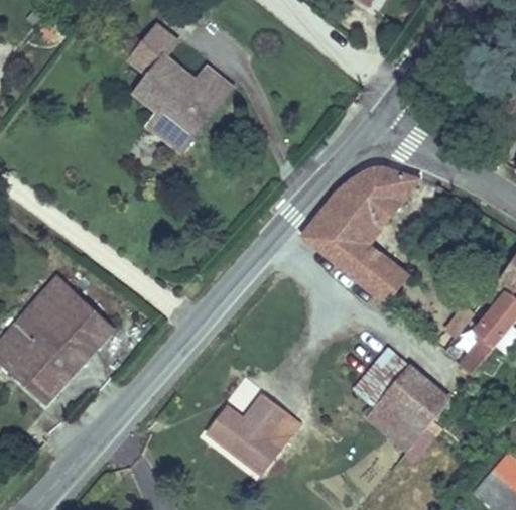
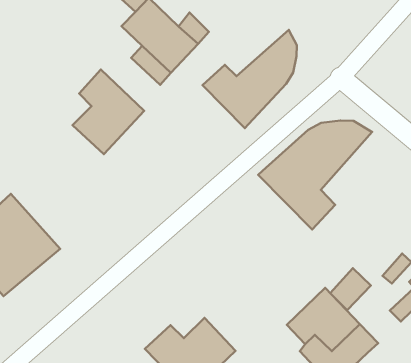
building: none -> [202,30,297,128]
building: none -> [73,69,144,154]
building: [367,257,409,302] -> [330,268,371,310]
building: [41,272,116,339] -> none

